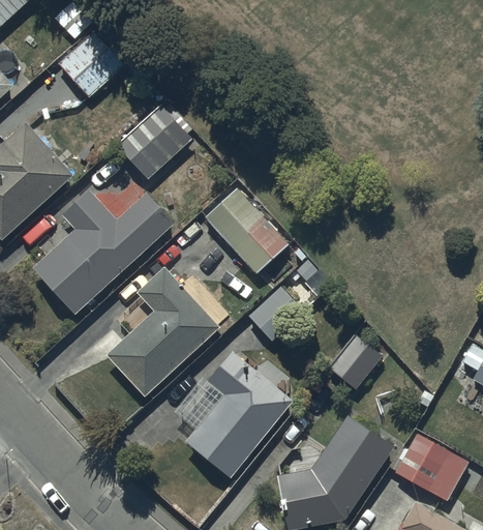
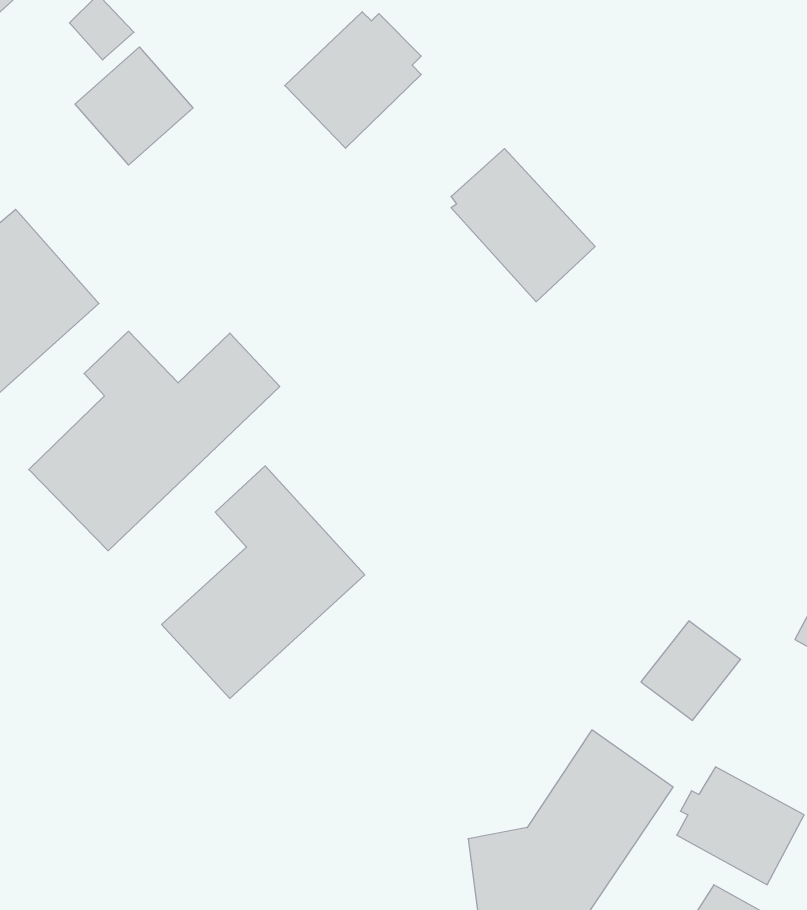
building: [116,104,192,180] -> [285,12,421,148]
building: [207,188,288,274] -> [451,149,595,302]
building: [327,334,383,390] -> [641,621,741,720]
building: [186,349,294,477] -> none

